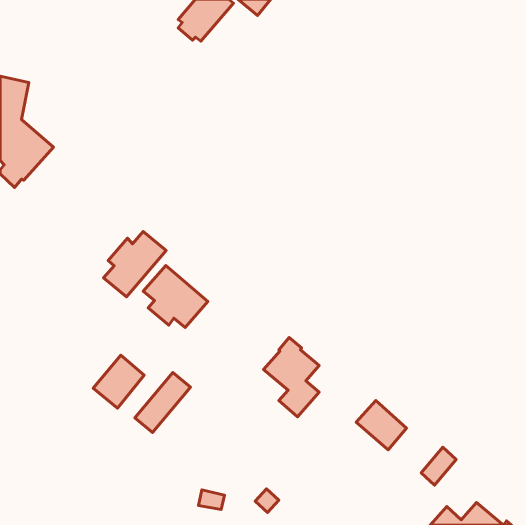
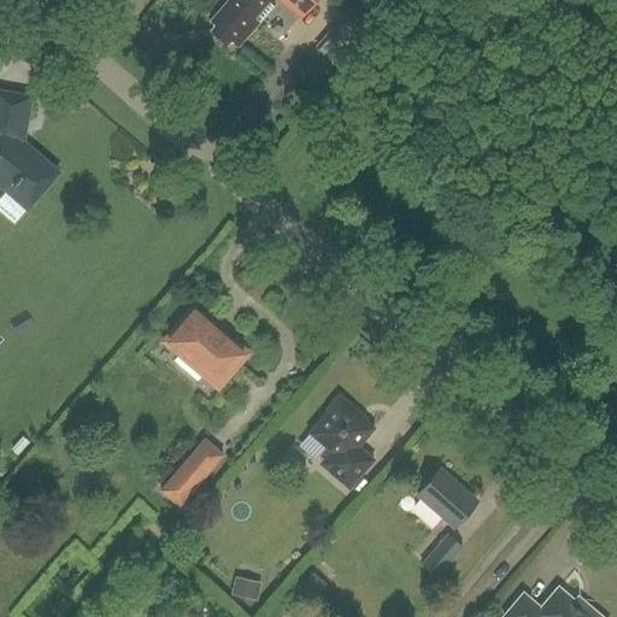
building: [104,232,166,297] -> none
building: [93,355,144,408] -> none
building: [421,447,456,485] -> [421,533,462,577]

